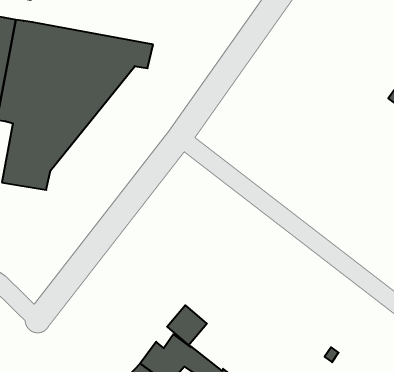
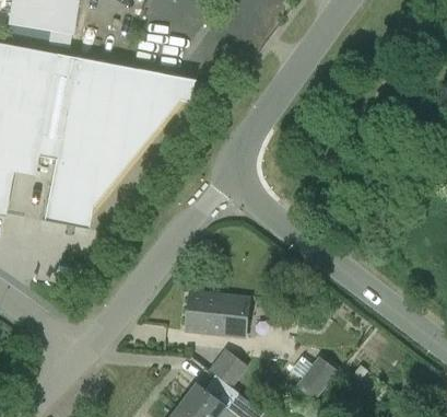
building: none -> [186,291,249,336]
building: none -> [293,355,339,401]

